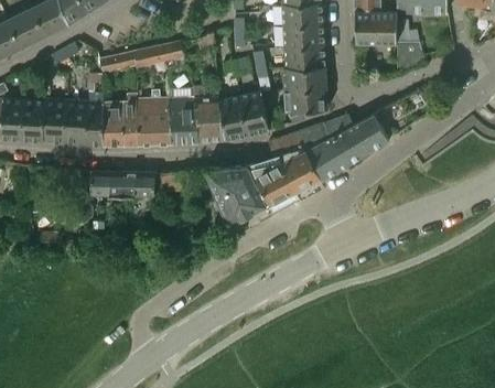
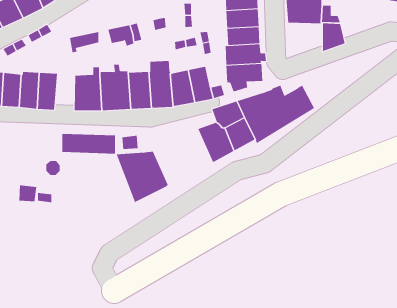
building: [84,100,107,144] -> none
building: [207,165,269,226] -> [116,151,168,203]

